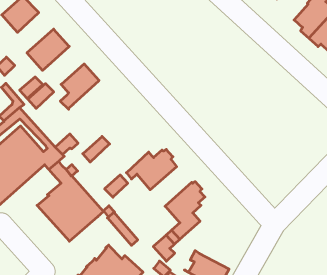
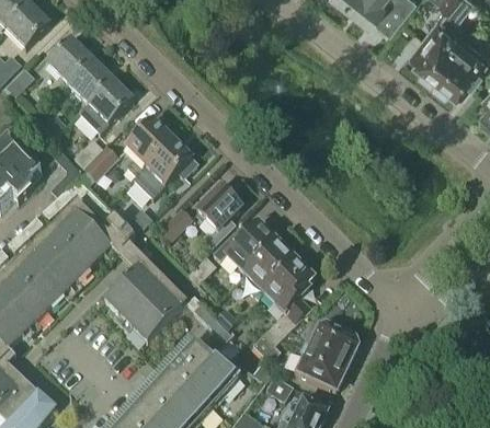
building: none -> [67,57,112,102]
building: none -> [133,138,196,197]
building: none -> [196,185,240,247]
building: none -> [238,240,295,297]
building: none -> [309,320,357,366]

